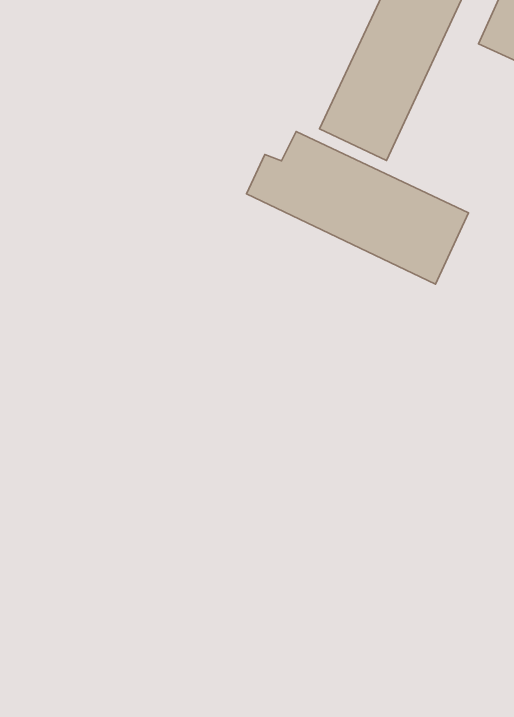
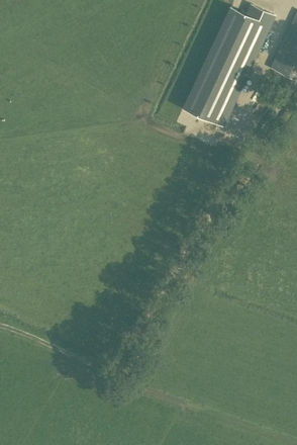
building: [247,132,469,284] -> none

